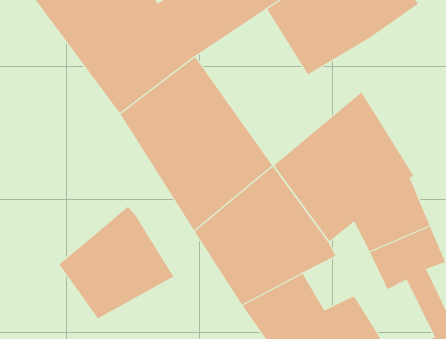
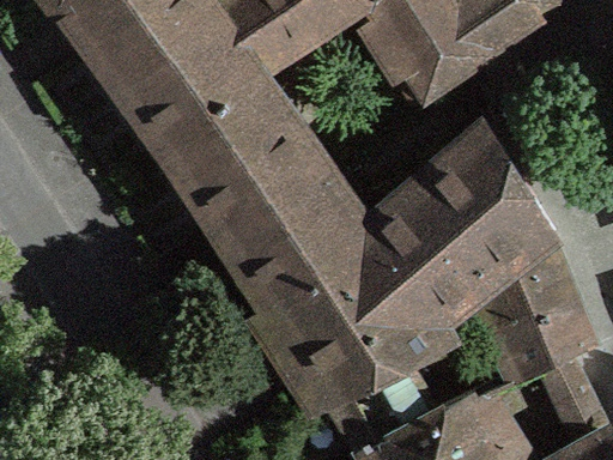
building: [59,206,174,319] -> none

